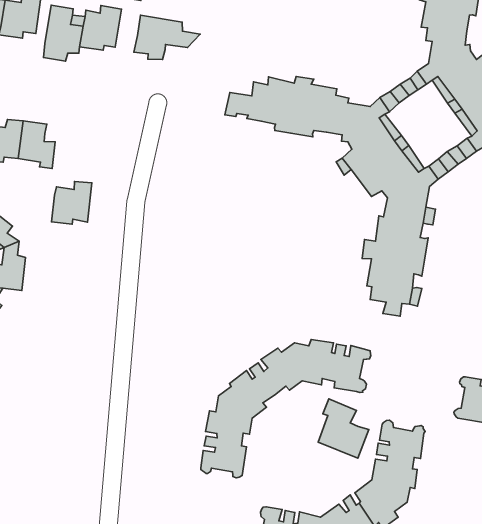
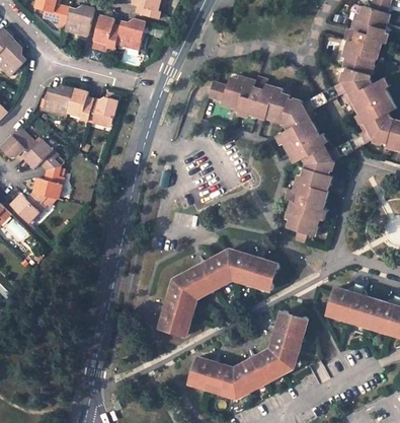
building: [134,15,200,59] -> none
building: [52,182,92,224] -> [87,96,116,124]
building: [318,399,369,458] -> none

